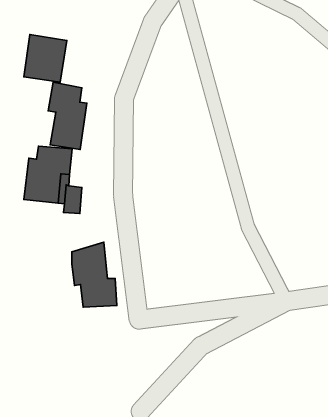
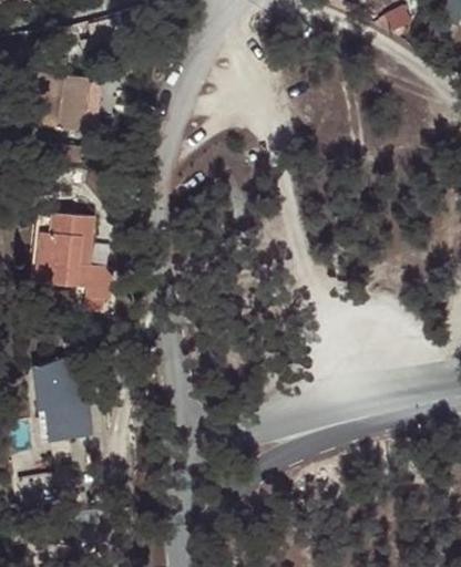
building: [48,82,87,150] -> none
building: [72,242,117,307] -> [33,357,91,440]

